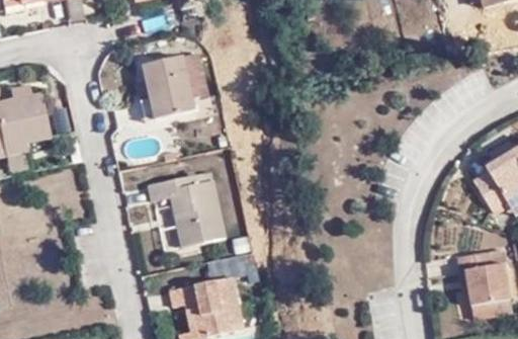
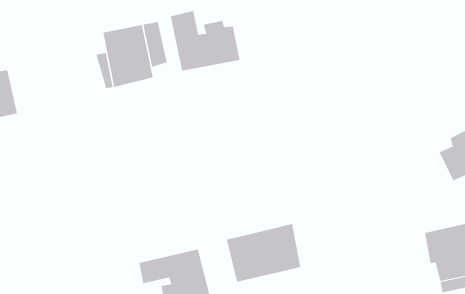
building: none -> [170,10,240,71]
building: [146,170,225,245] -> none
building: none -> [226,223,301,283]

